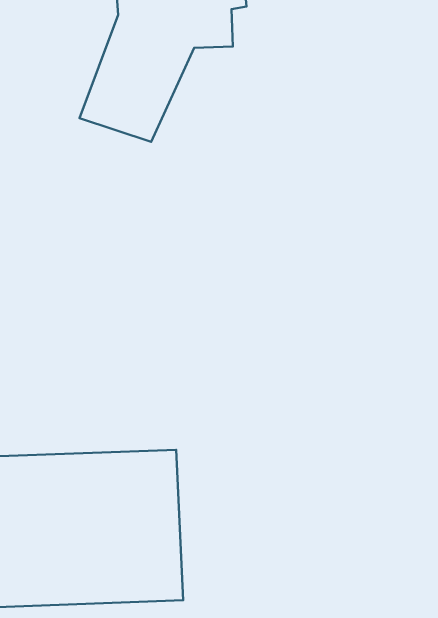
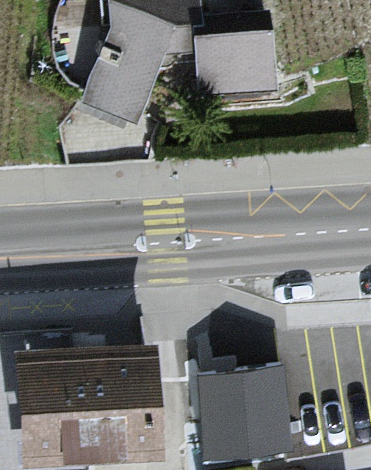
building: none -> [196,28,263,97]
building: none -> [196,372,292,463]

